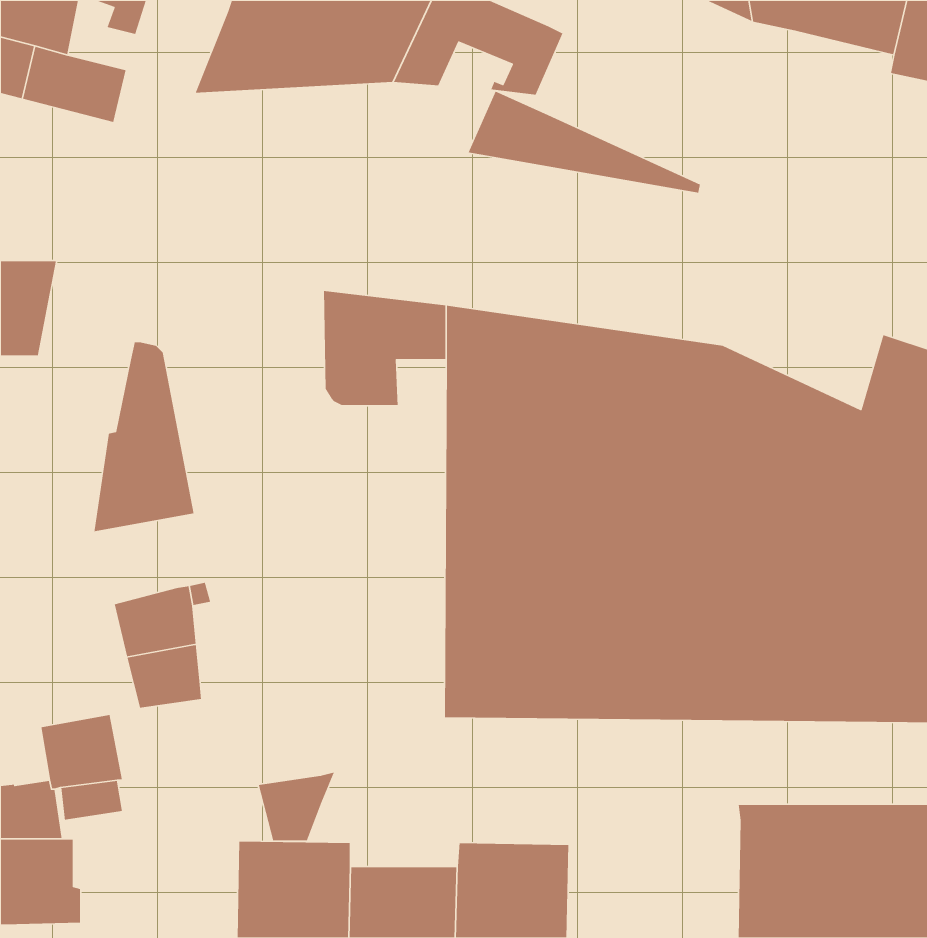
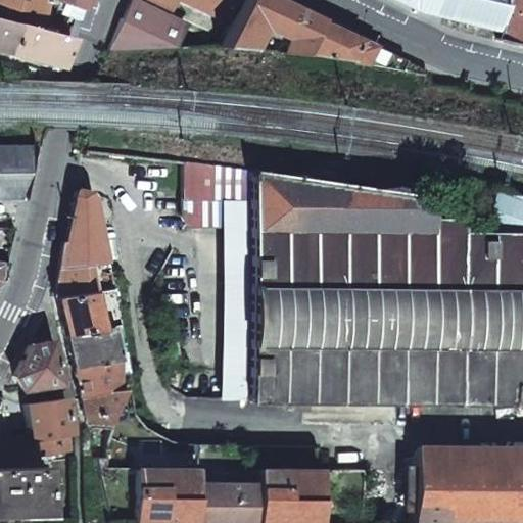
building: [468,91,701,193] -> [304,18,434,76]
building: none -> [226,200,254,399]
building: none -> [58,286,116,336]
building: none -> [18,341,64,389]
building: [258,772,335,841] -> [84,387,127,426]

